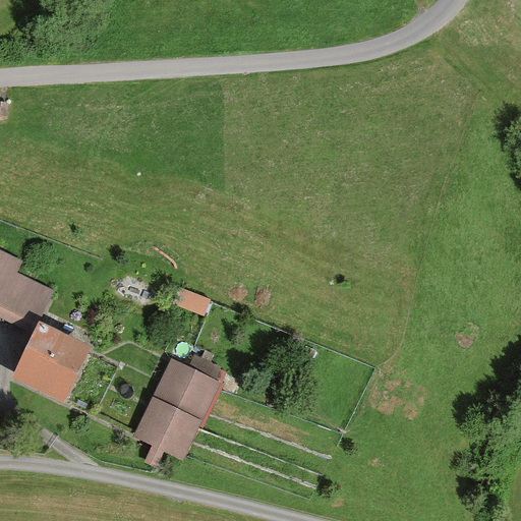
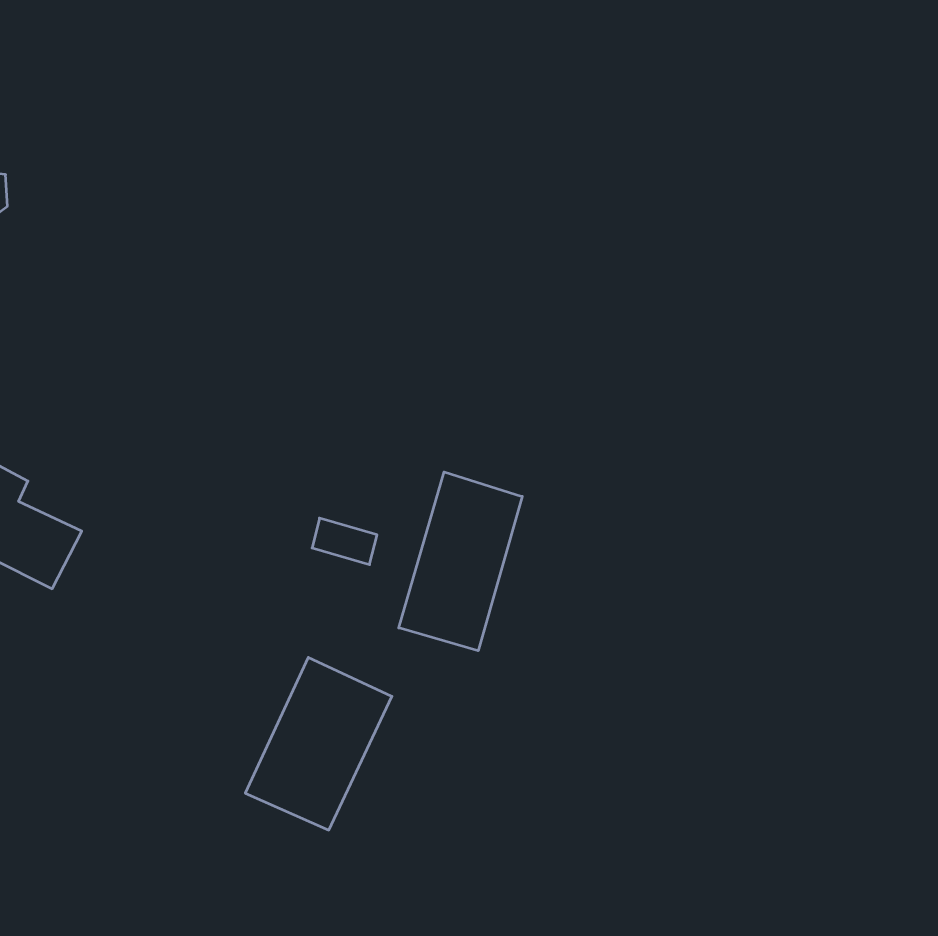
building: none -> [399,472,522,651]
building: [20,328,91,401] -> none

